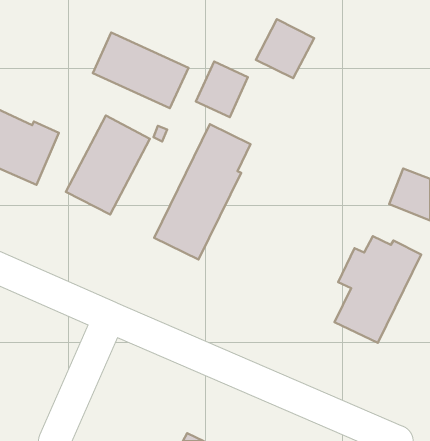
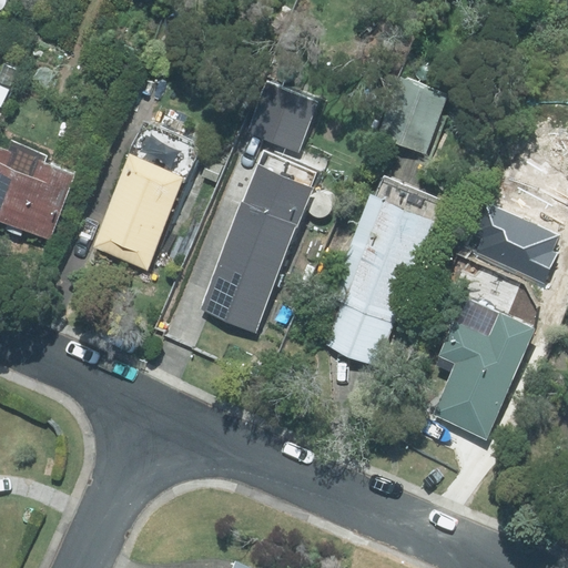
building: [256,19,314,78] -> [374,75,448,151]
building: [93,32,189,108] -> none
building: none -> [308,187,439,365]

